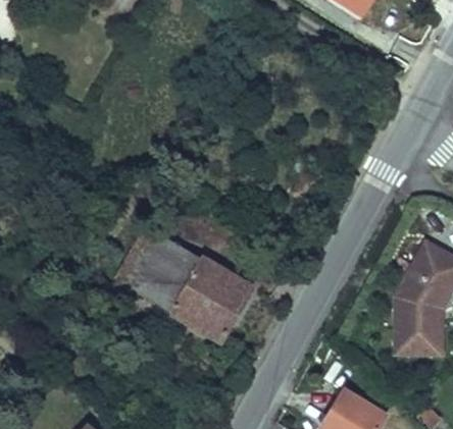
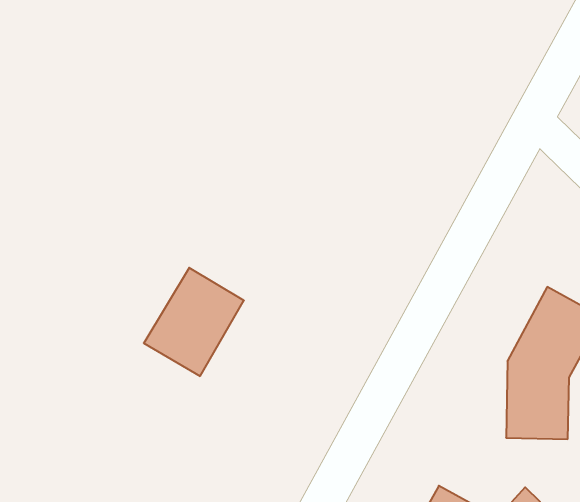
building: [167,253,254,340] -> none

